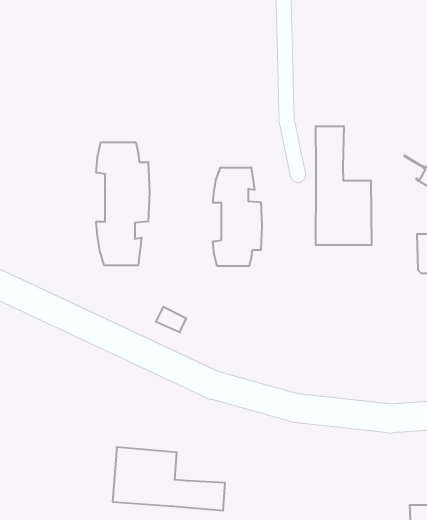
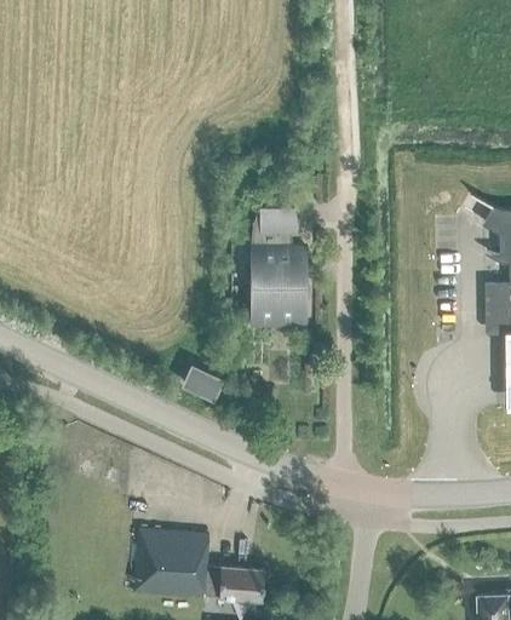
building: [316,126,372,245] -> none
building: [96,142,149,265] -> none

